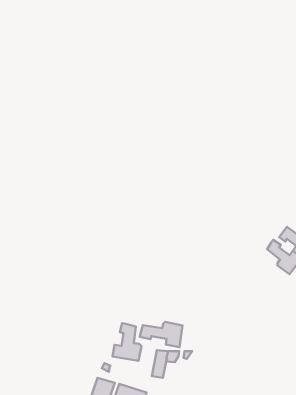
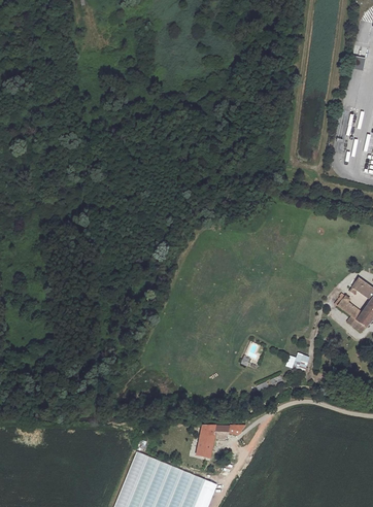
building: [140,322,183,347] -> none
building: [112,323,141,361] -> none

